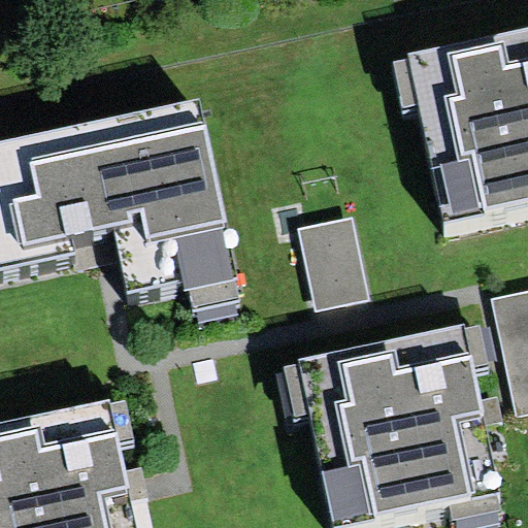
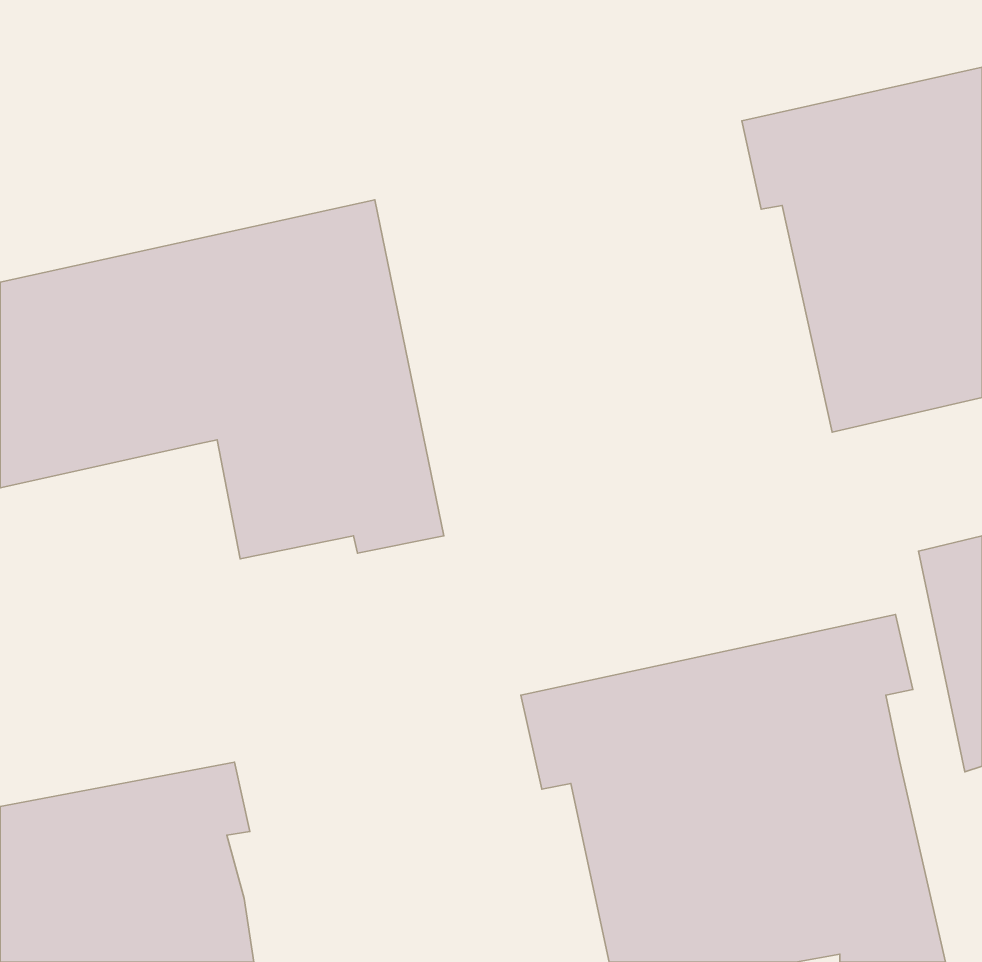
building: [299,216,367,304] -> none

